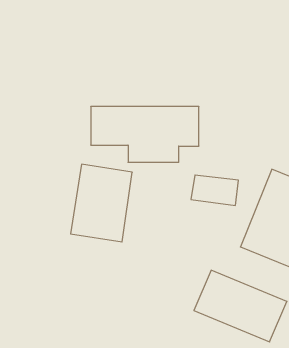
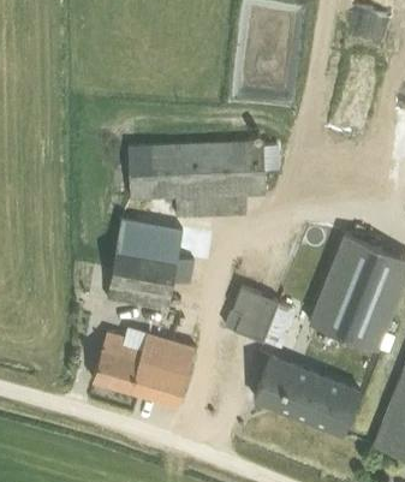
building: [191,175,238,205] -> [221,293,278,329]
building: none -> [94,329,196,406]

